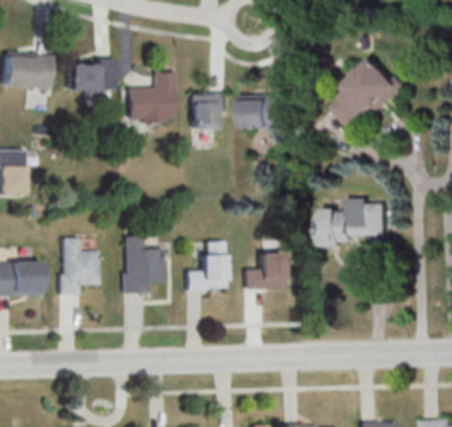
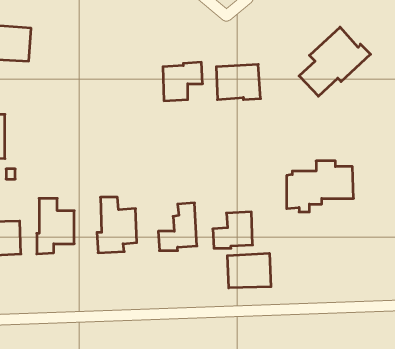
building: [68,59,116,94] -> none
building: [129,73,177,126] -> none
building: none -> [227,253,271,288]

